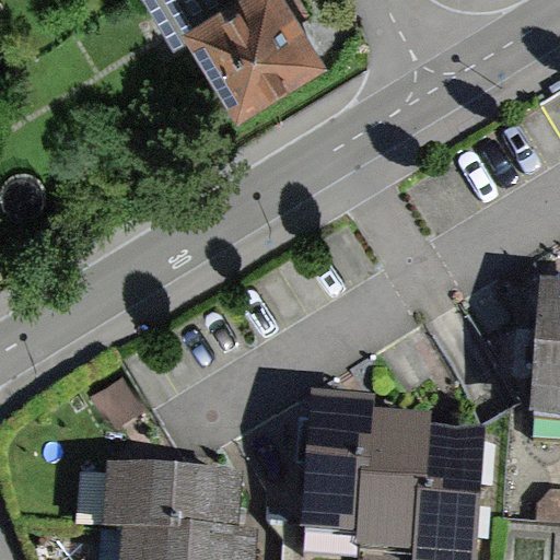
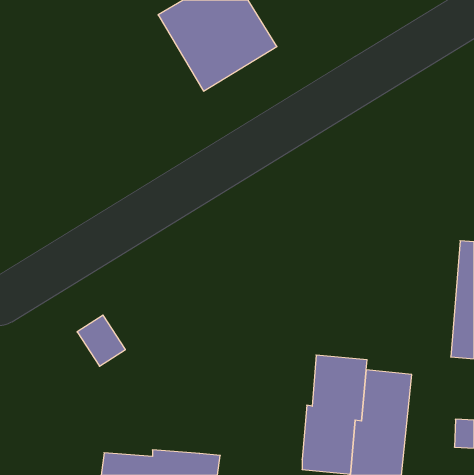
building: [301,398,373,540] -> none
building: [106,472,240,537] -> none

